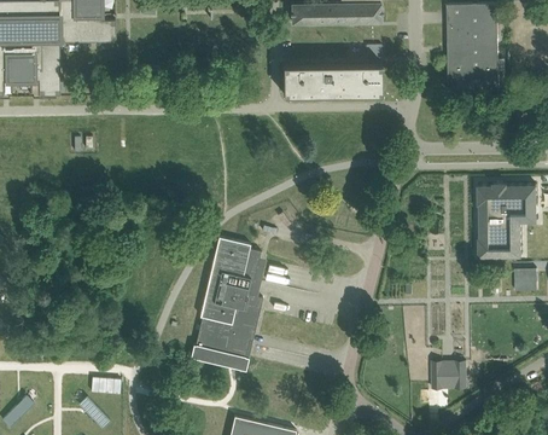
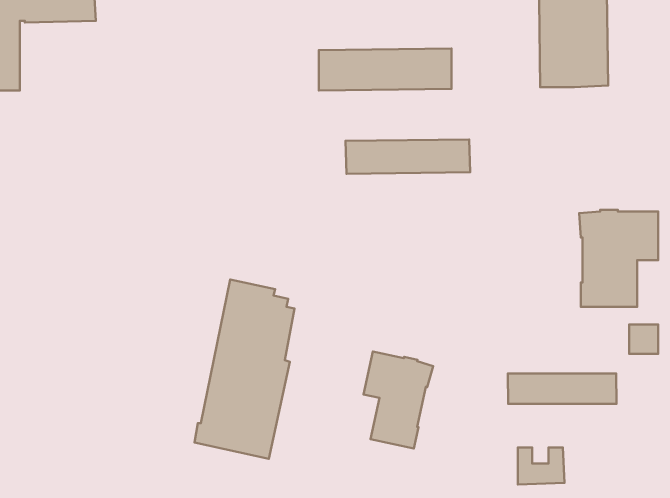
building: none -> [346,139,470,174]
building: none -> [364,352,433,449]
building: none -> [508,373,616,404]

